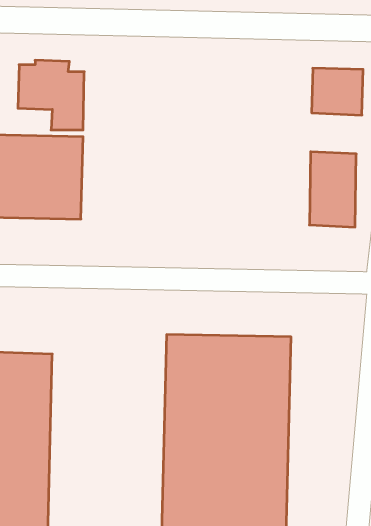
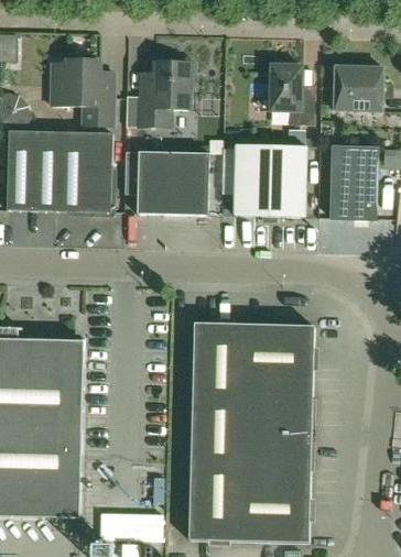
building: none -> [139,57,197,127]
building: none -> [270,64,314,124]
building: none -> [223,143,306,217]
building: none -> [138,151,209,215]

